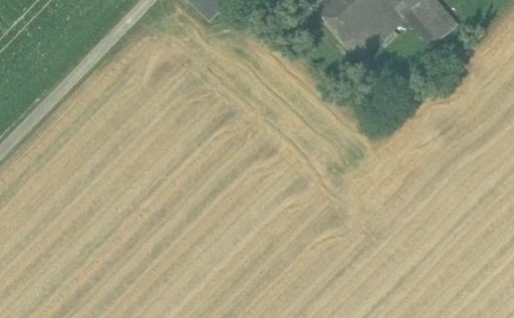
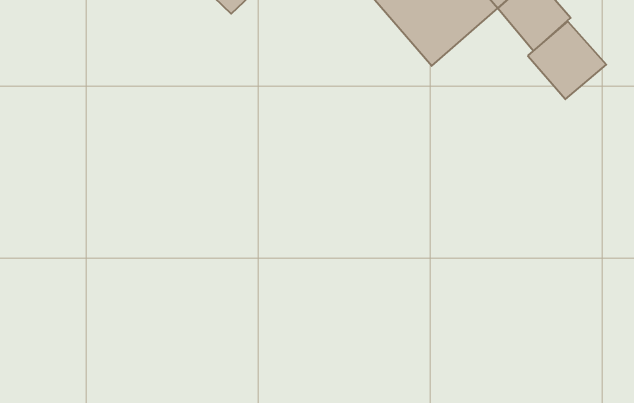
building: none -> [528,22,606,99]

